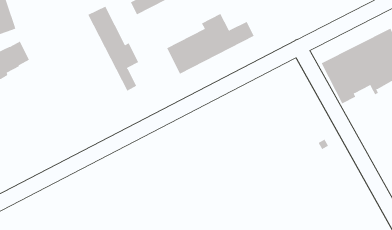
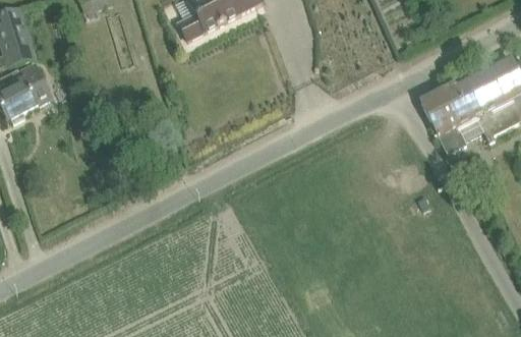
building: [88,6,139,91] -> none
building: [167,13,254,75] -> none

